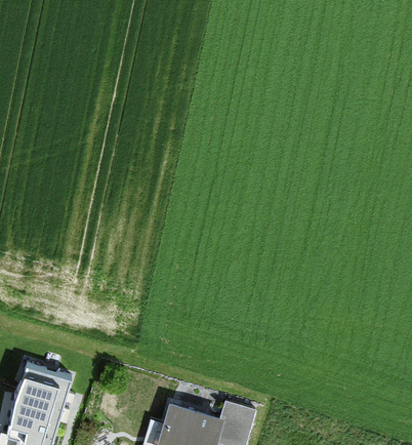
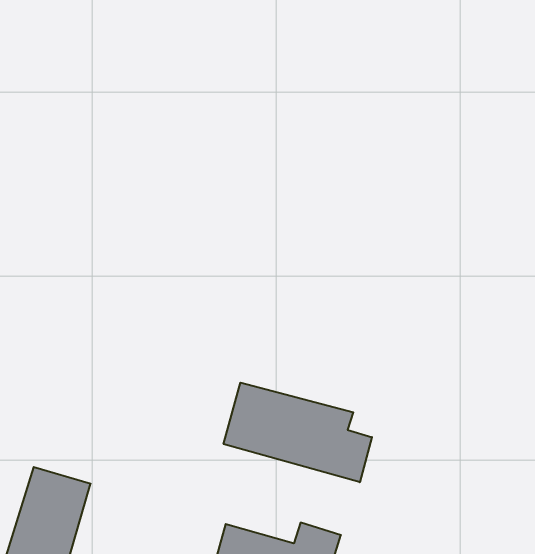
building: none -> [224,383,372,482]

